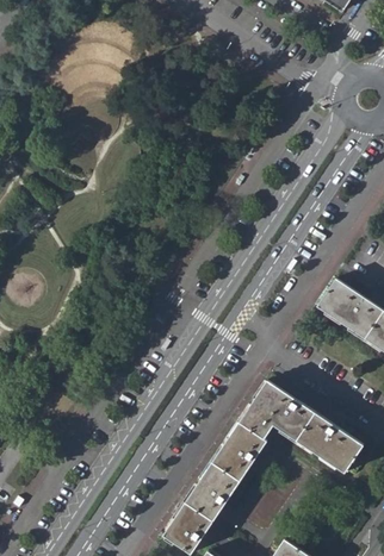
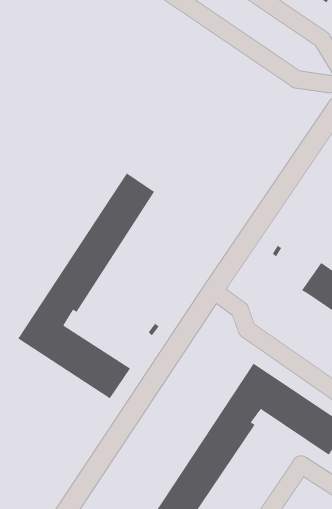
building: none -> [17,173,155,399]

